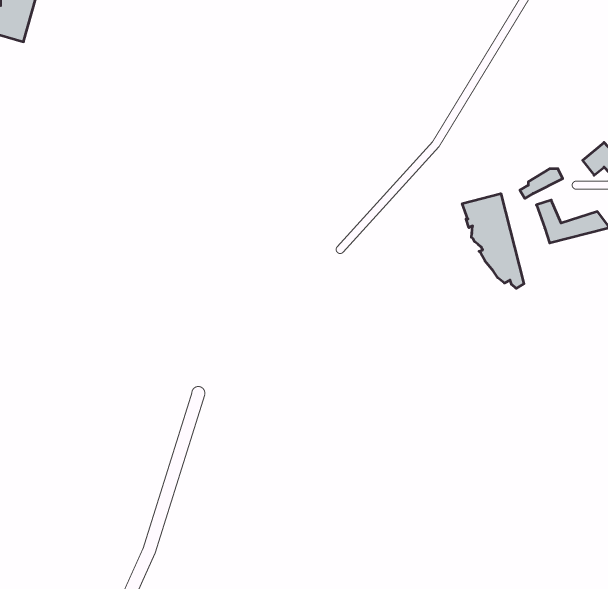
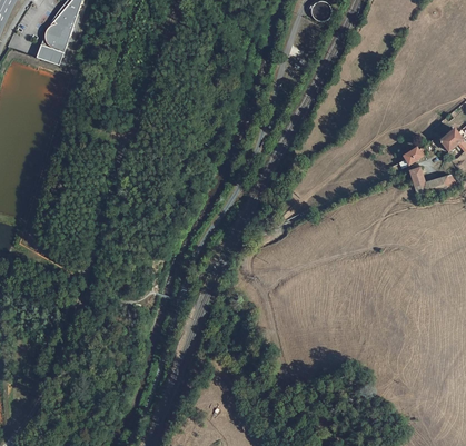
building: [462,194,524,288] -> none

